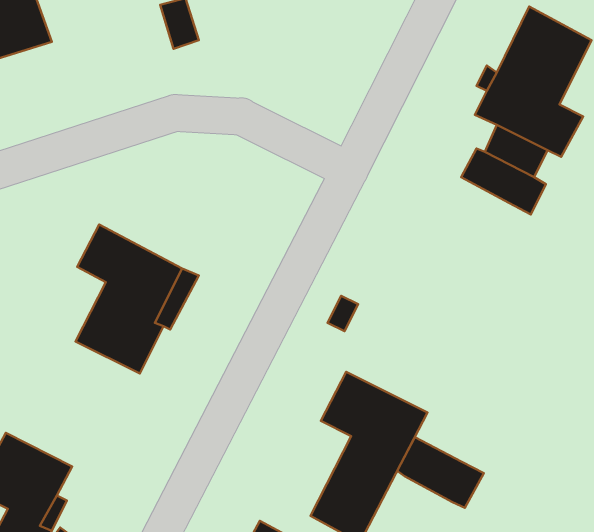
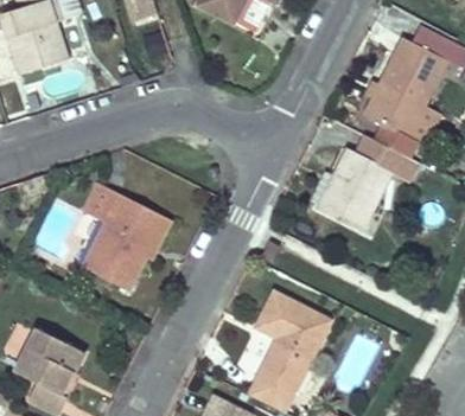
building: none -> [314,148,388,229]
building: [397,437,484,508] -> none

